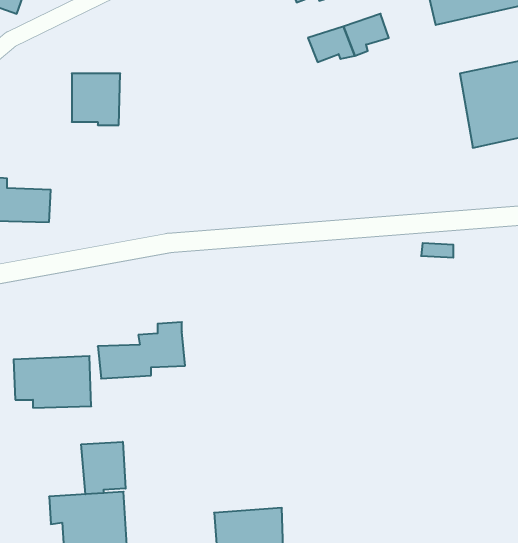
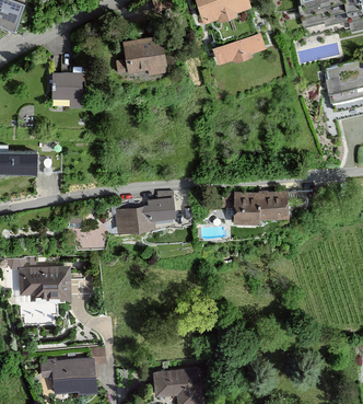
building: none -> [117,36,169,76]
building: none -> [229,194,281,229]
building: [98,322,185,379] -> [113,193,172,231]
building: [81,442,126,494] -> none

